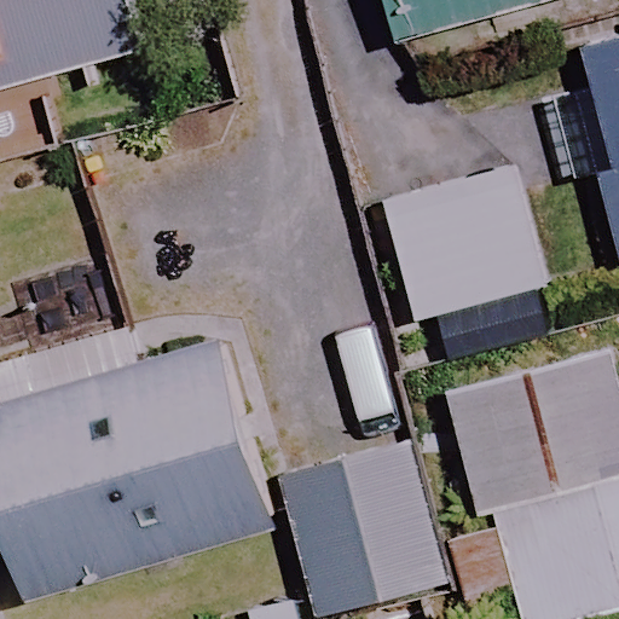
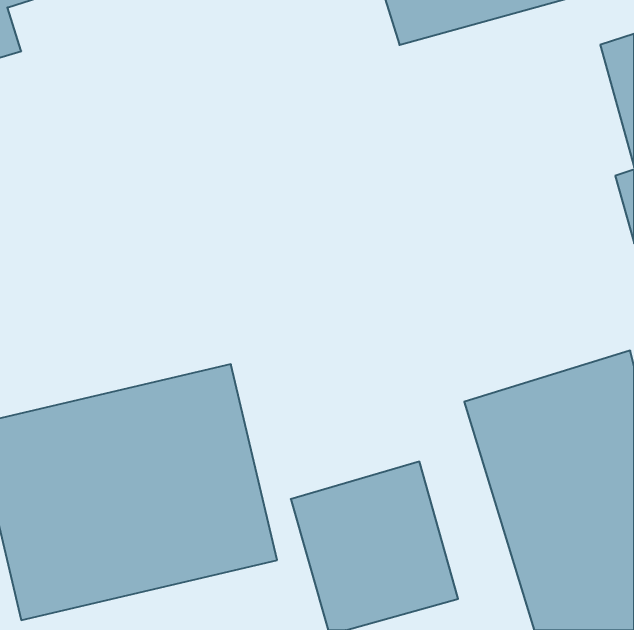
building: [382,158,557,324] -> none

